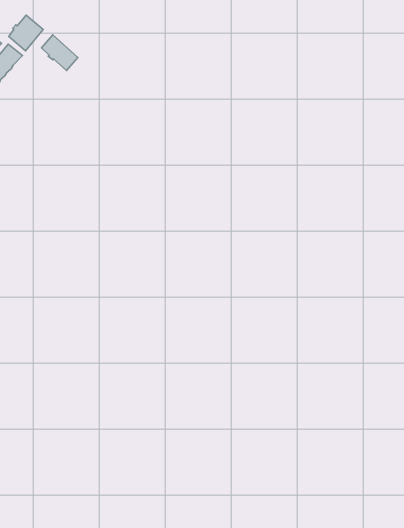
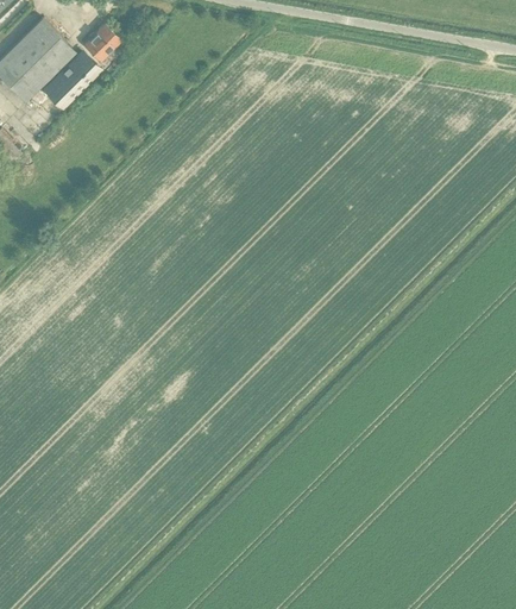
building: [42,35,78,70] -> none

